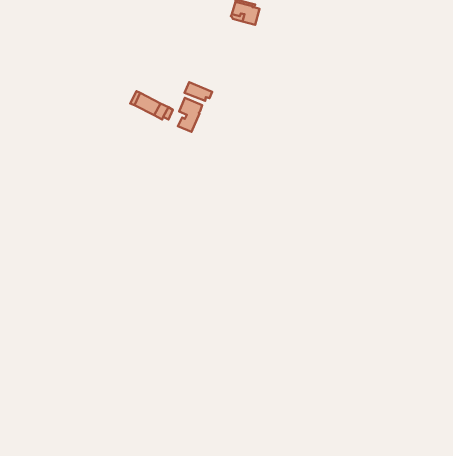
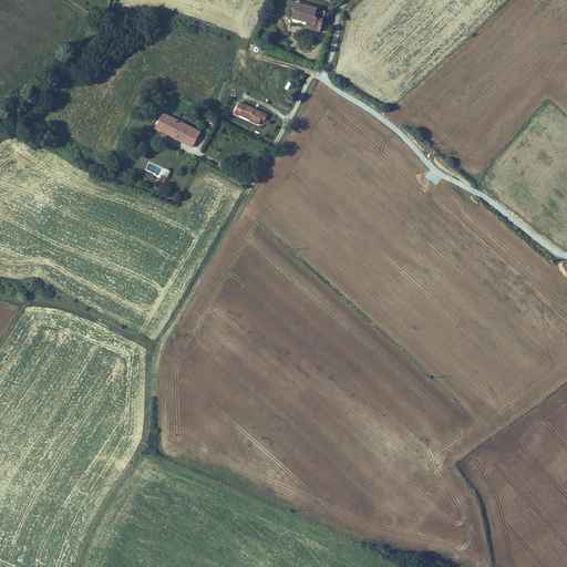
building: [178,98,202,132] -> none

